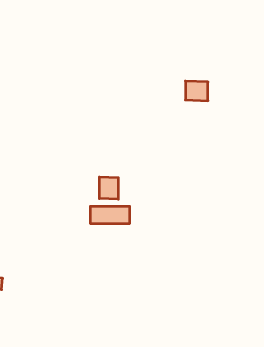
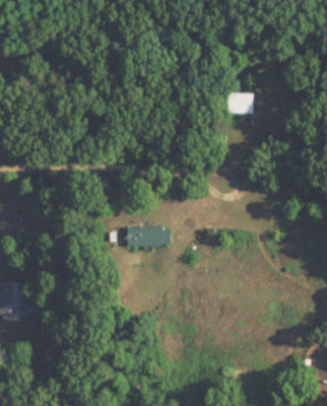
building: [99,177,118,199] -> none

